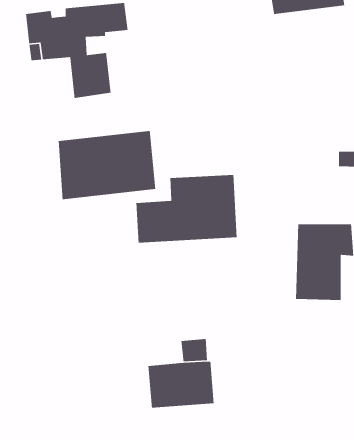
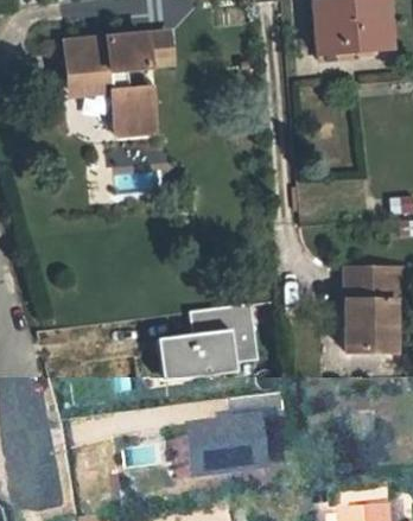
building: [58,130,156,200] -> none
building: [135,174,238,243] -> [153,305,260,377]

